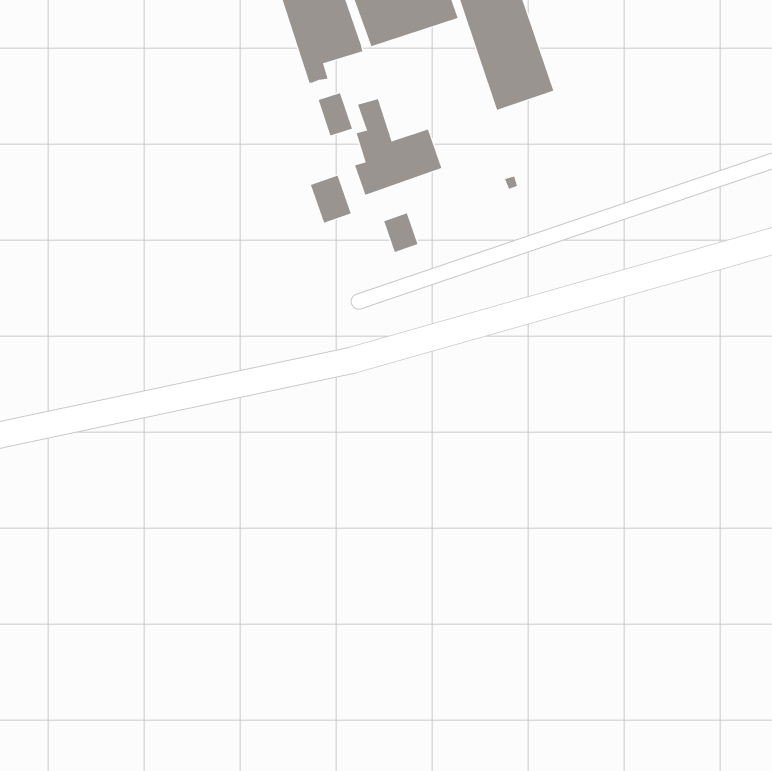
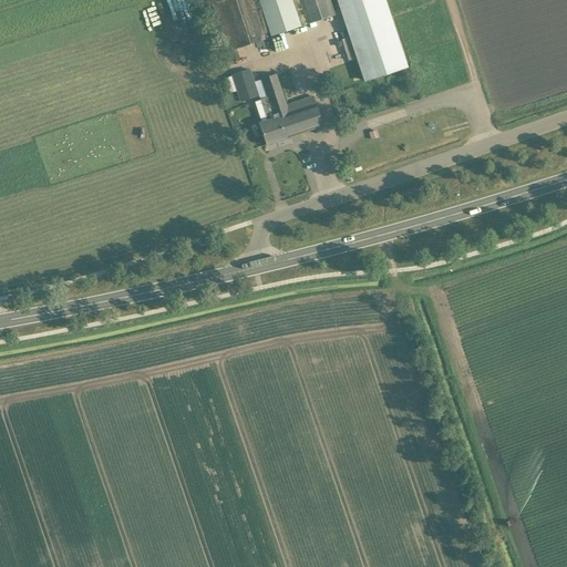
building: [310,175,351,223] -> none
building: [383,212,418,253] -> none

